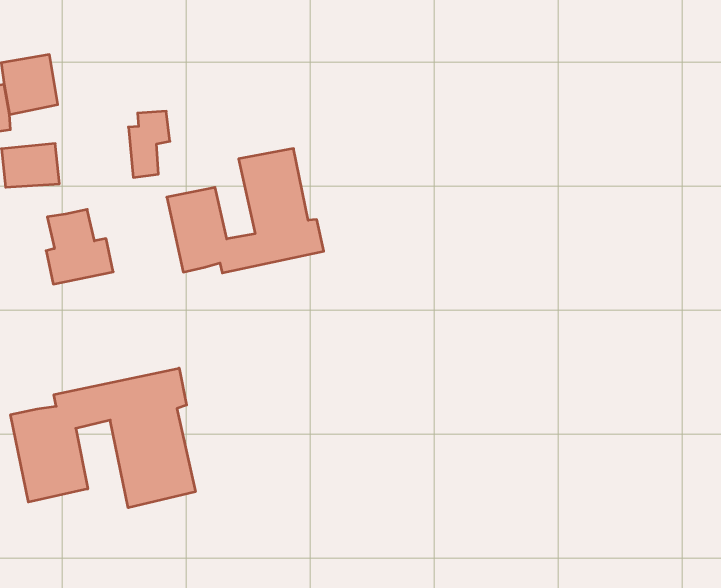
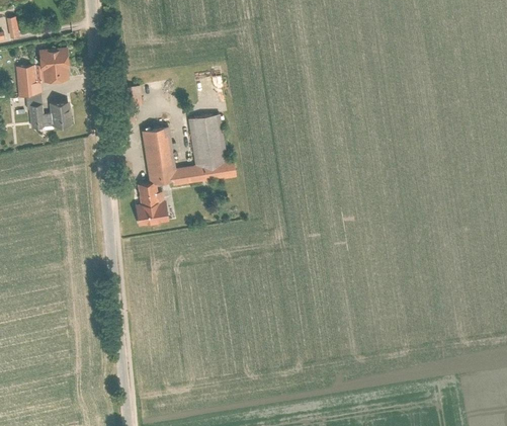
building: [46,209,113,284] -> [132,181,171,225]
building: [11,368,195,508] -> none

